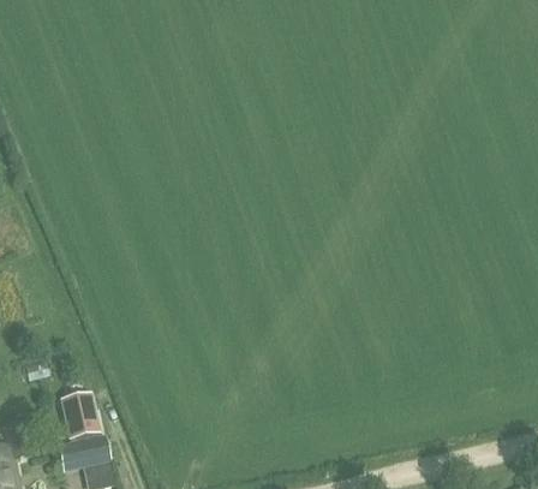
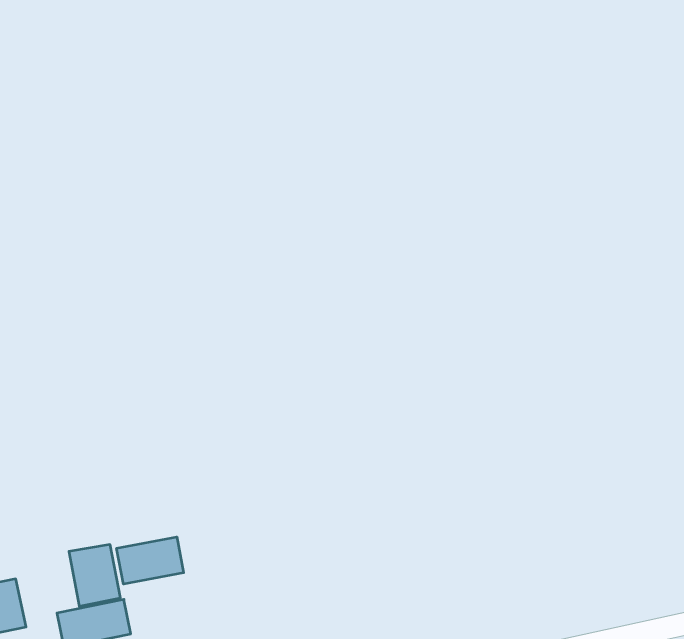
building: none -> [117,537,184,584]

